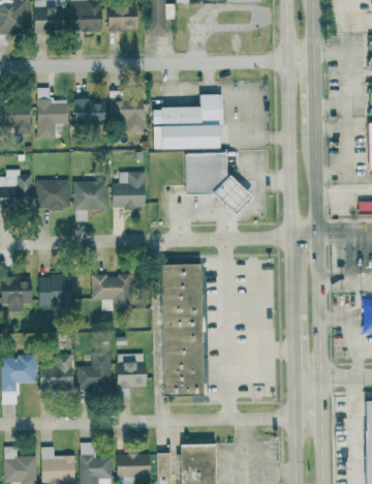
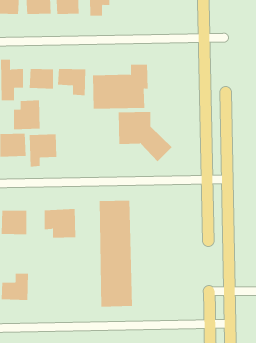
building: [112,171,146,208] -> [13,100,41,130]
building: [76,353,112,391] -> none
building: [116,353,146,388] -> none

